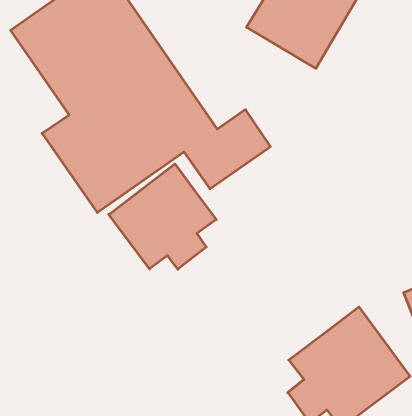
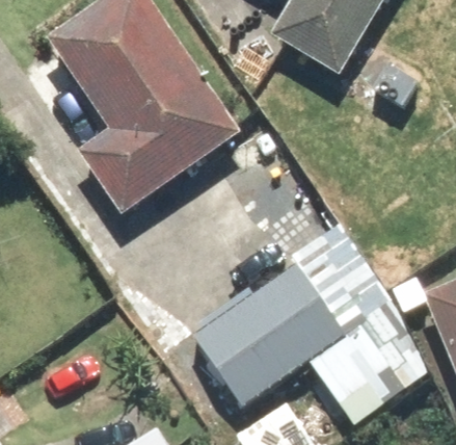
building: [109,164,216,269] -> none
building: none -> [195,258,350,403]

